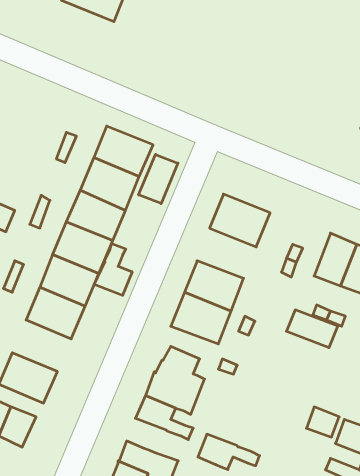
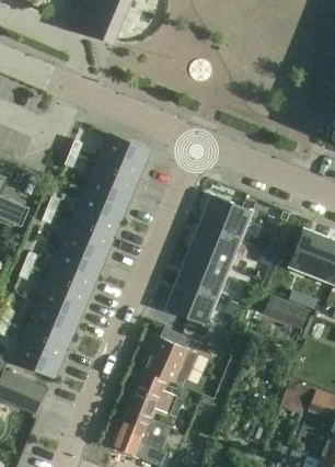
building: [139,154,178,204] -> none
building: none -> [187,224,239,267]
building: [94,243,132,295] -> none
building: none -> [26,304,78,349]
building: [198,434,260,470] -> [126,389,180,420]

